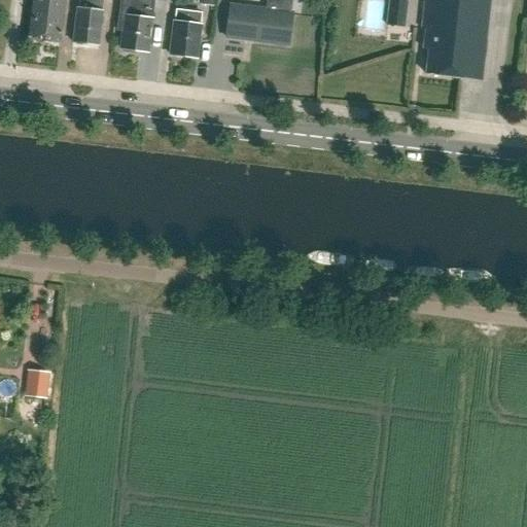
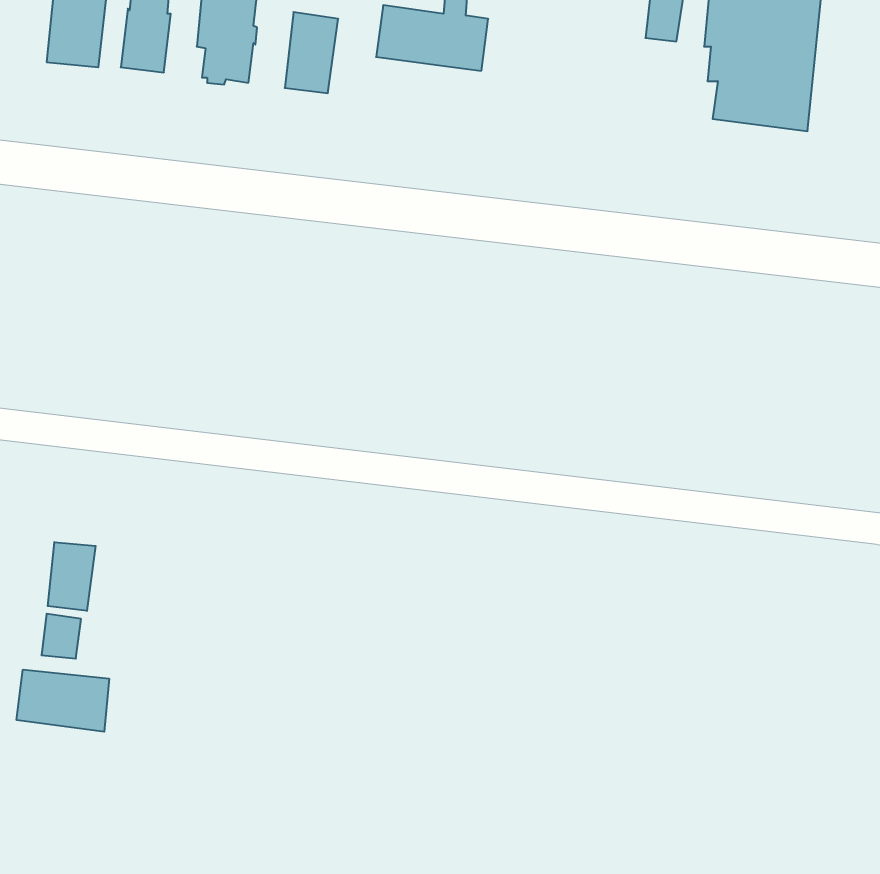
building: none -> [48,542,96,611]
building: none -> [17,670,109,732]

